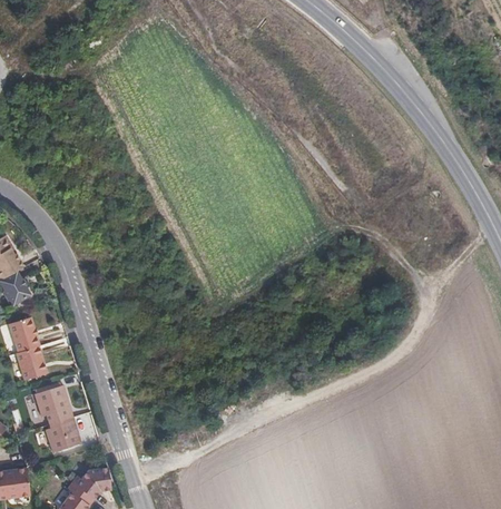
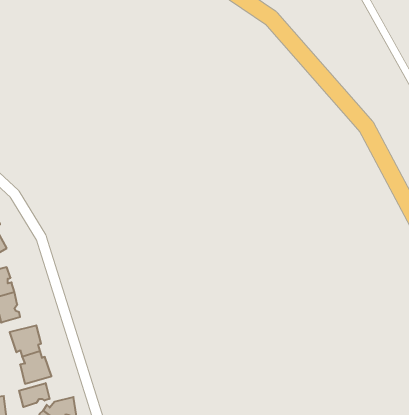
building: none -> [19,383,50,407]

